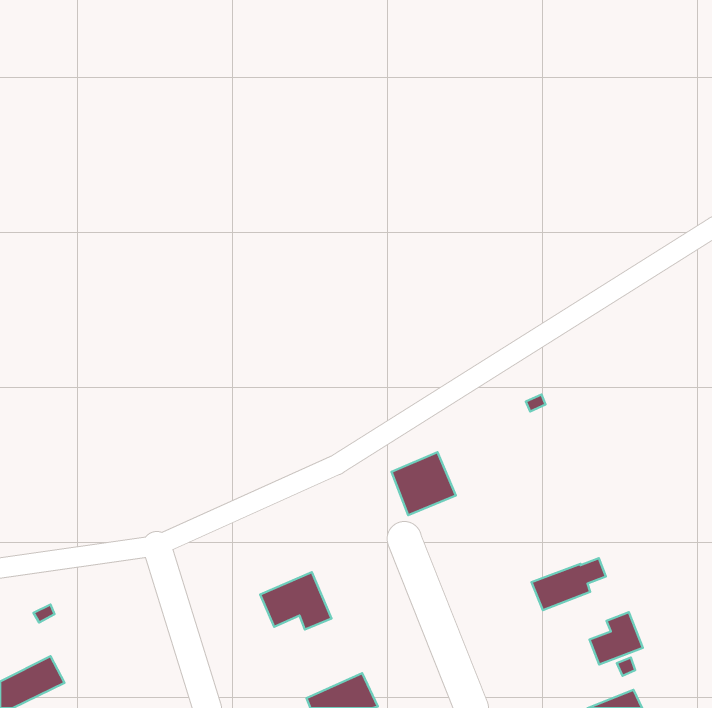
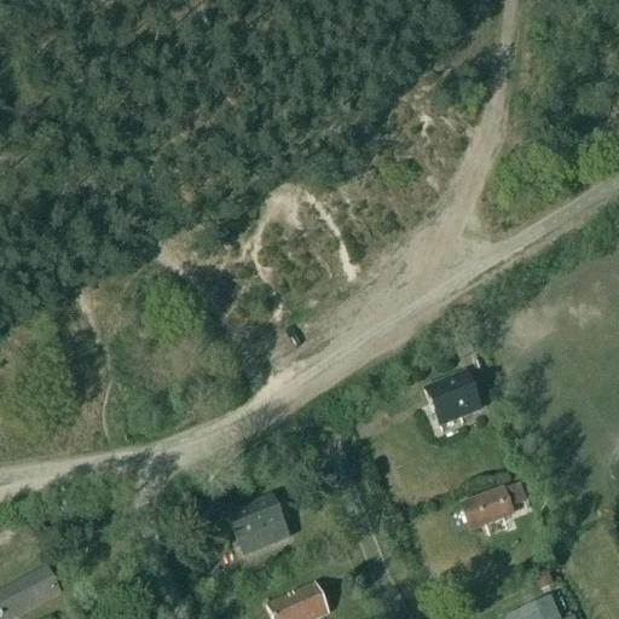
building: [391,452,456,515] -> [426,370,481,424]
building: [590,612,643,664] -> none

